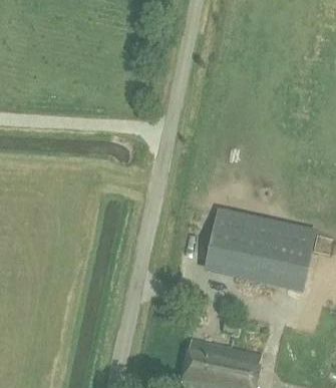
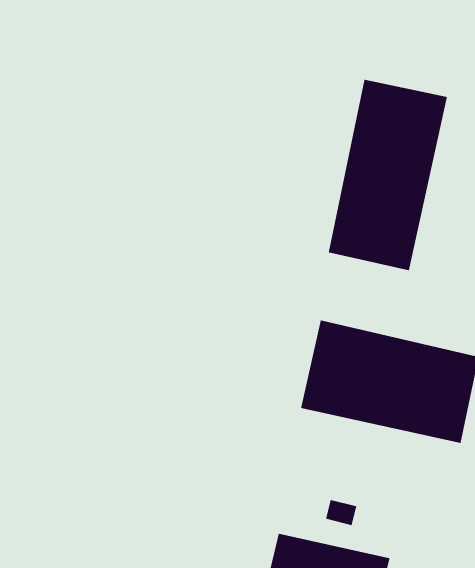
building: none -> [328,79,448,271]

